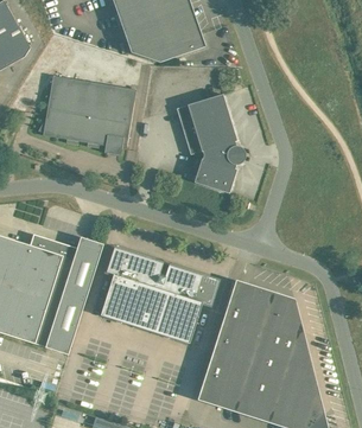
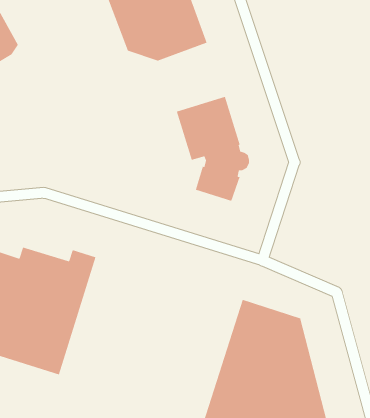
building: [37,76,135,155] -> none
building: [100,248,217,344] -> none

